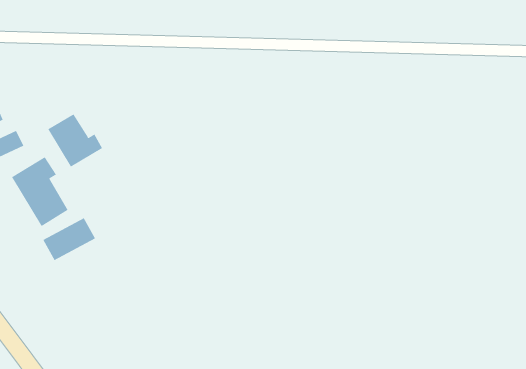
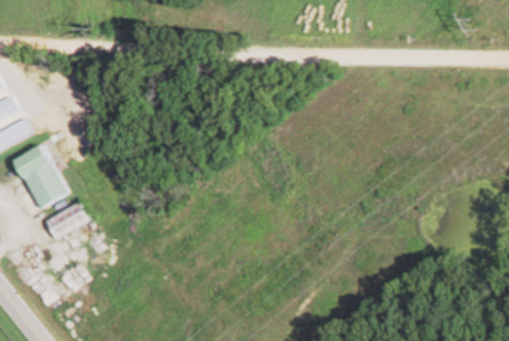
building: [47,113,103,168] -> none

